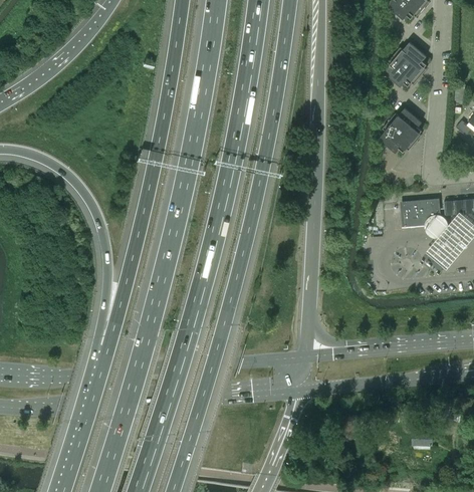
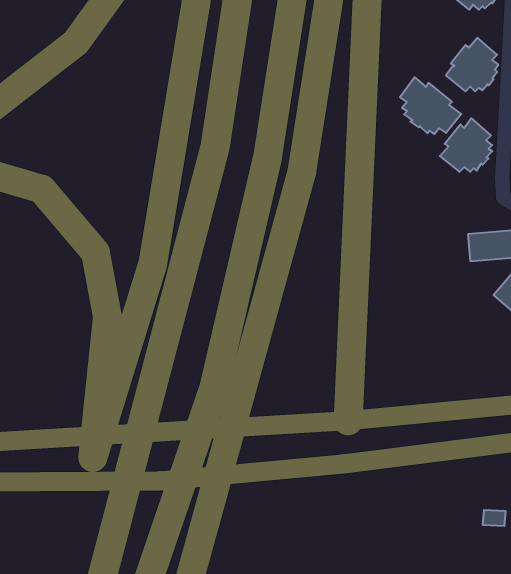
building: none -> [400,77,461,134]

